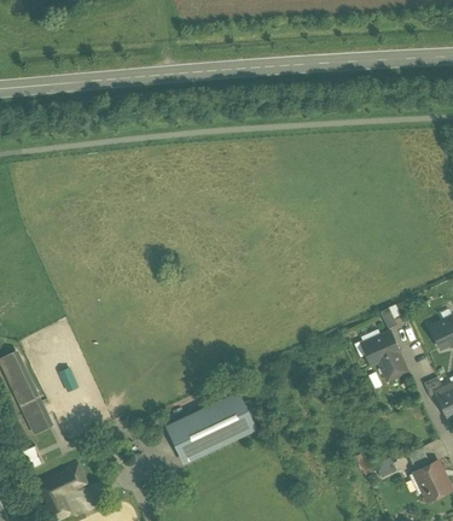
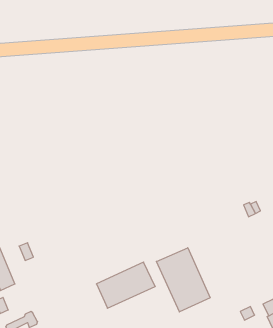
building: [364,332,407,379] -> none
building: none -> [156,248,210,312]

